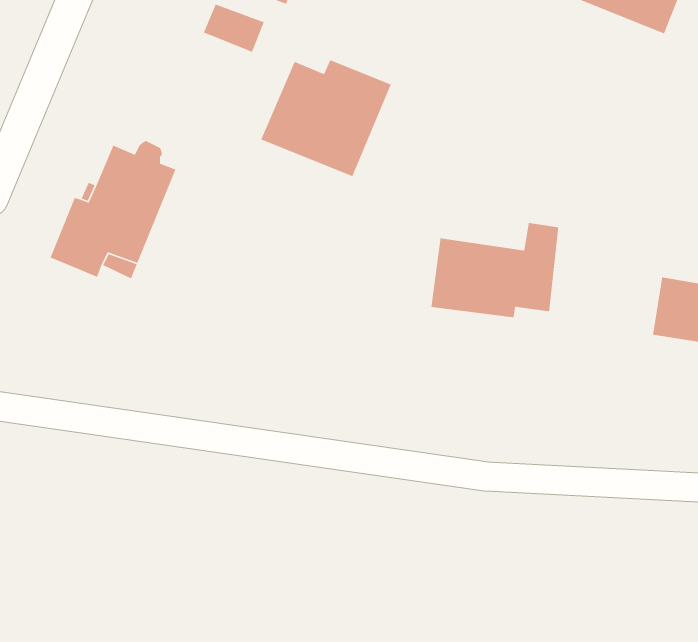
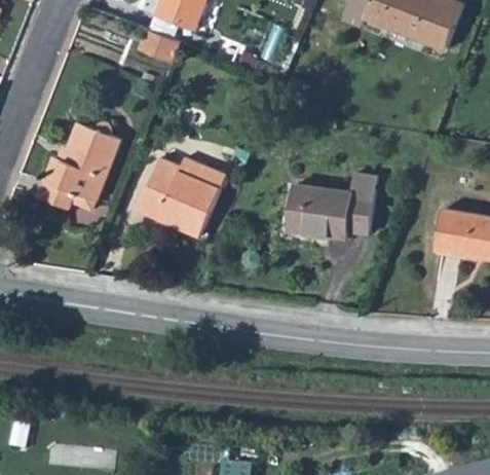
building: [260,59,392,177] -> [138,157,225,235]

